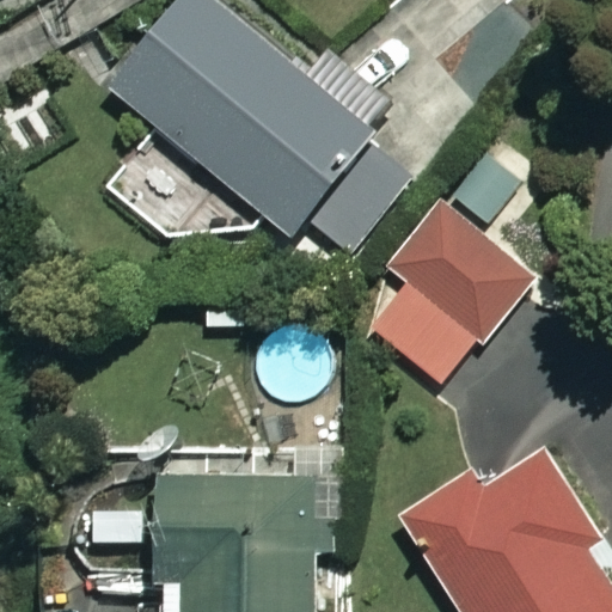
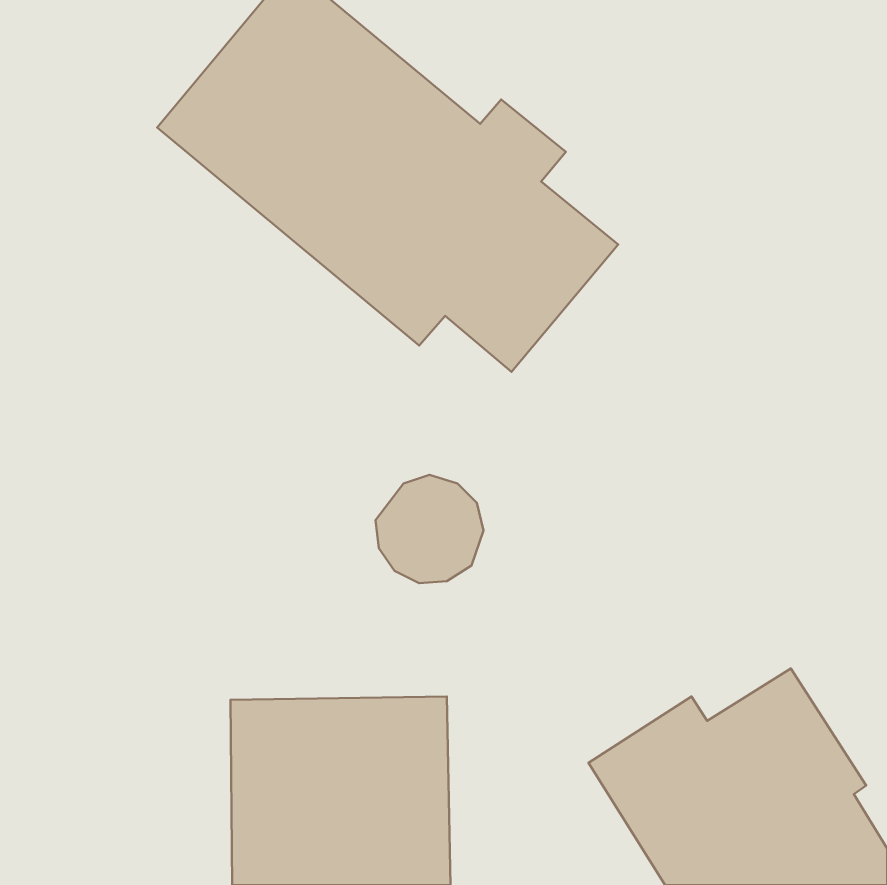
building: [368,203,528,382] -> none

